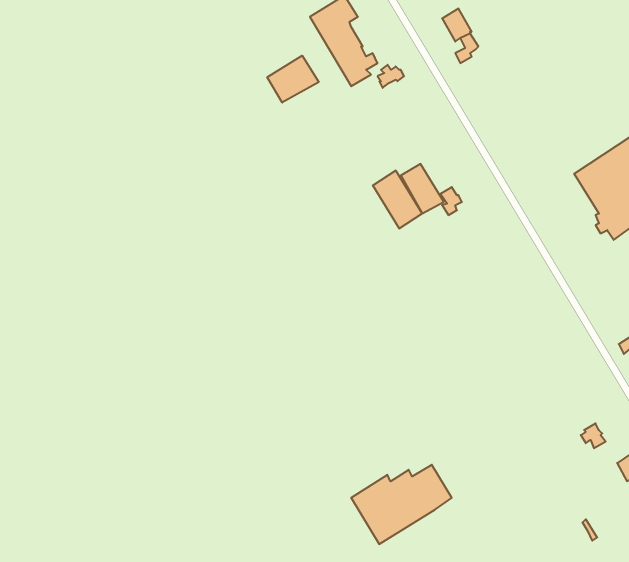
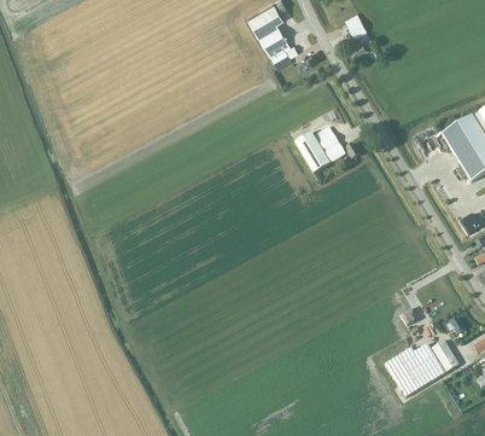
building: [267,56,319,103] -> none
building: [351,465,452,544] -> [385,339,458,397]

